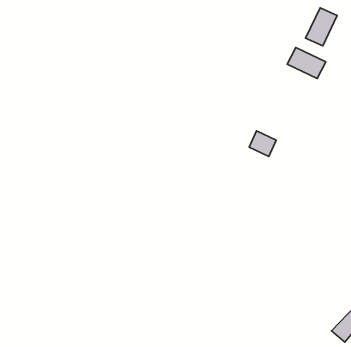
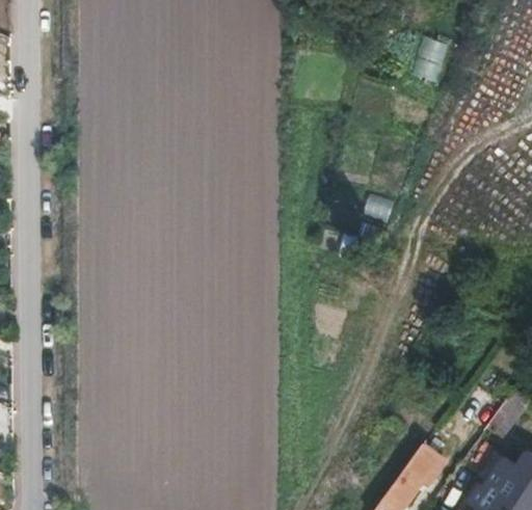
building: [287,48,326,79] -> none

